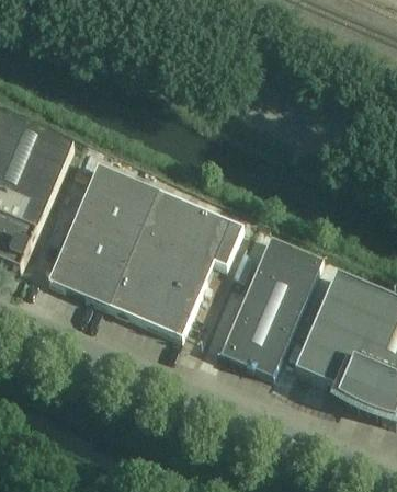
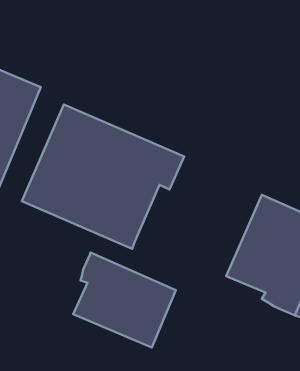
building: [219,237,321,375] -> none
building: none -> [73,252,176,348]

